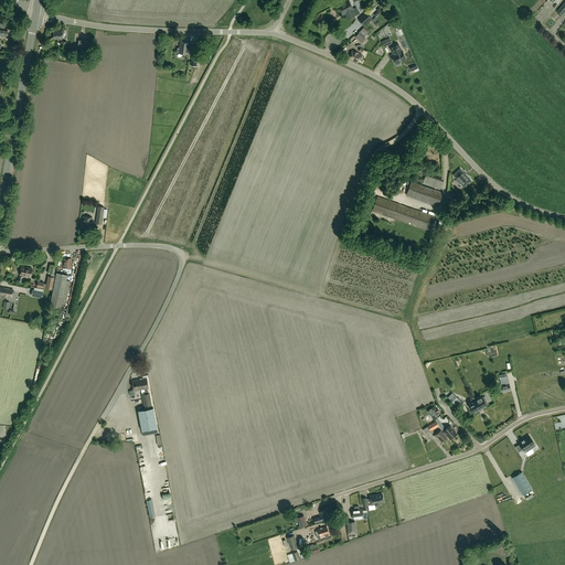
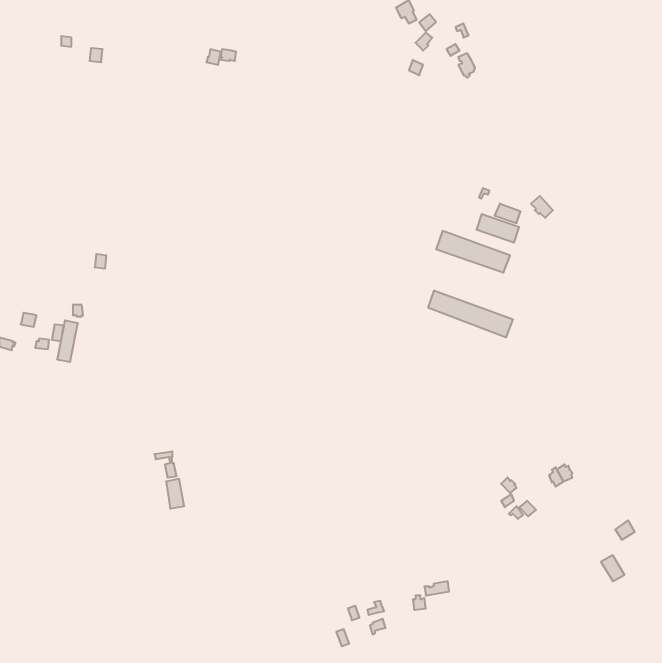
building: none -> [428,291,513,337]

